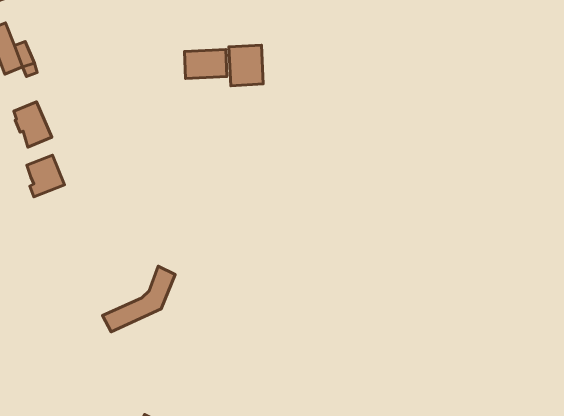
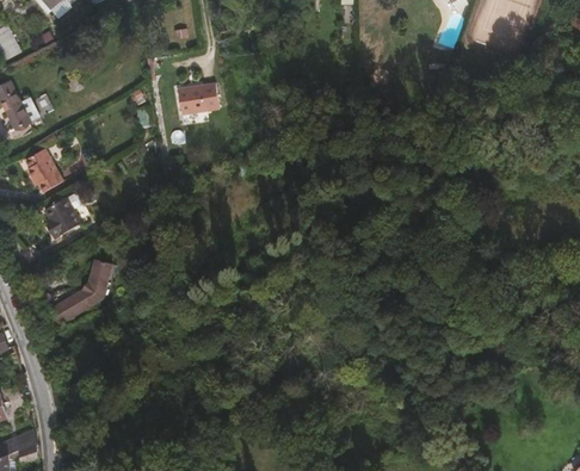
building: [229,45,263,86] -> none
building: [103,266,175,332] -> [48,258,111,323]

